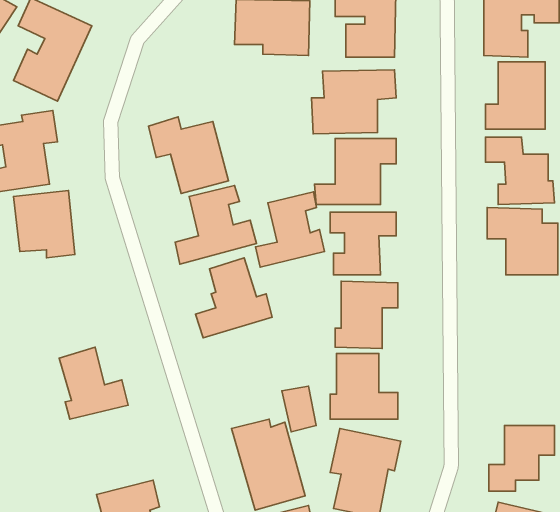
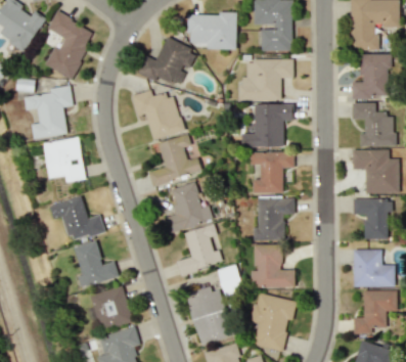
building: none -> [136,37,197,85]
building: [255,192,324,267] -> [177,224,222,273]
building: none -> [49,195,105,240]
building: none -> [353,197,391,238]
building: none -> [353,248,395,286]
building: none -> [88,285,132,328]

